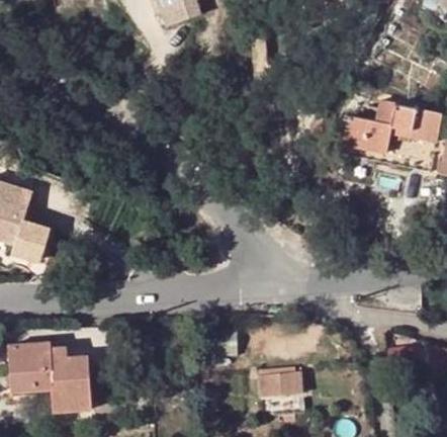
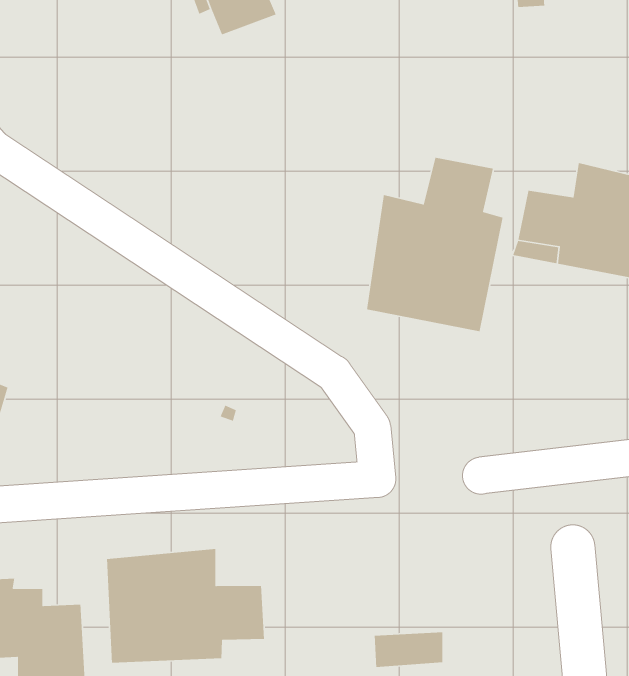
building: none -> [366,157,504,332]
building: none -> [106,548,265,664]

